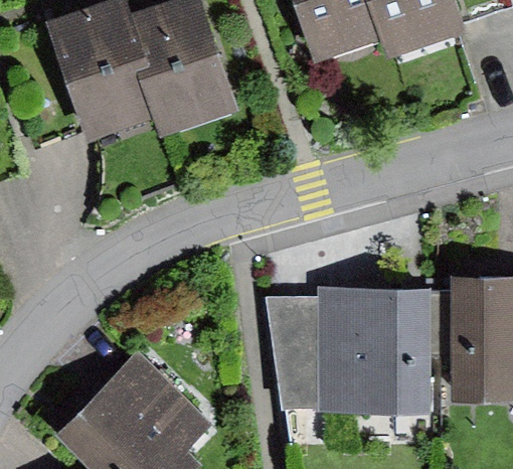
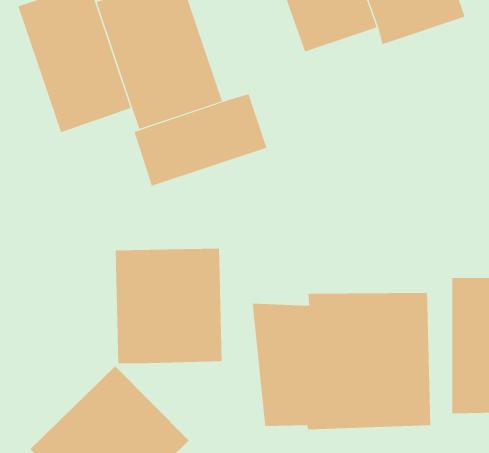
building: none -> [134,94,267,187]
building: none -> [115,248,222,364]

